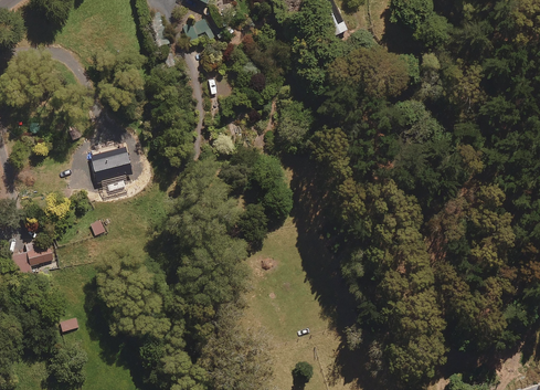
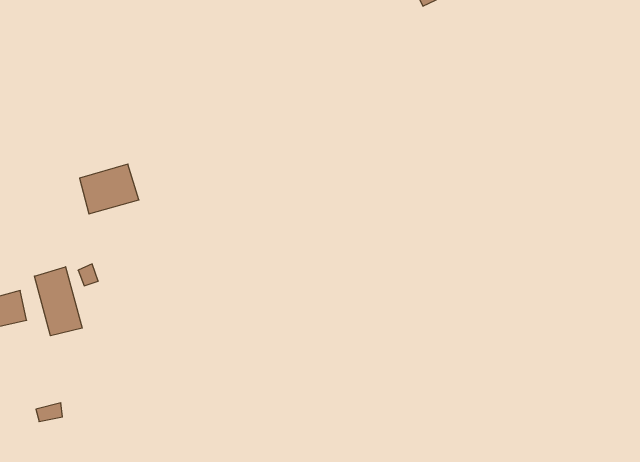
building: none -> [34,267,82,336]

